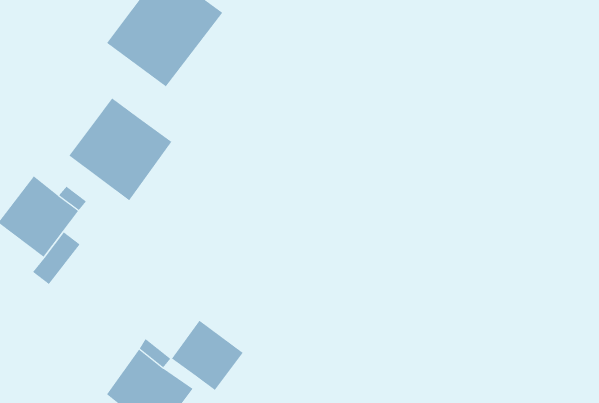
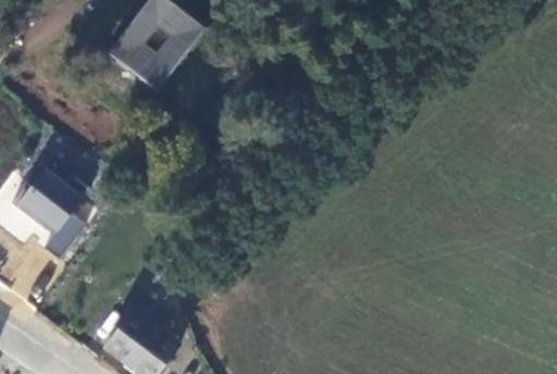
building: [68,97,172,201] -> none
building: [171,320,243,391] -> none

